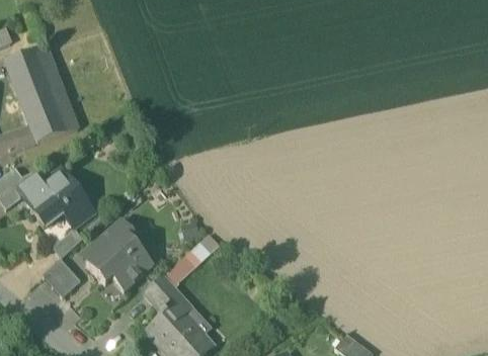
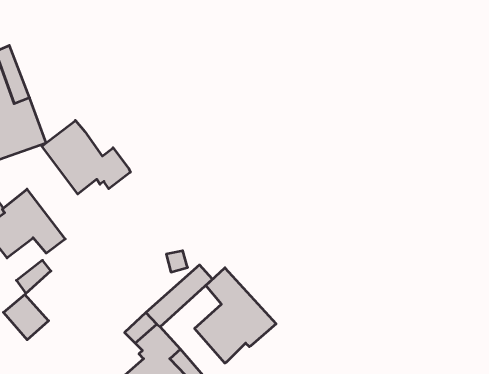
building: none -> [42,120,130,194]
building: [86,219,153,290] -> none
building: none -> [195,268,276,363]

